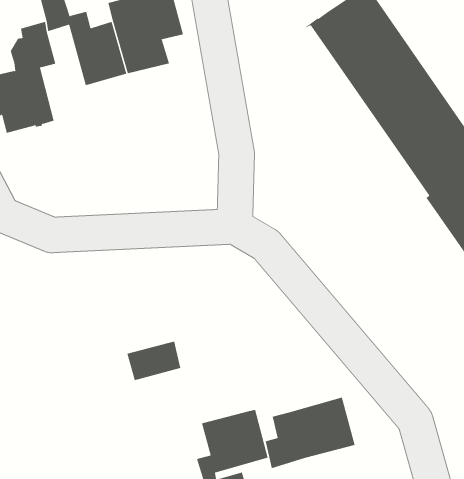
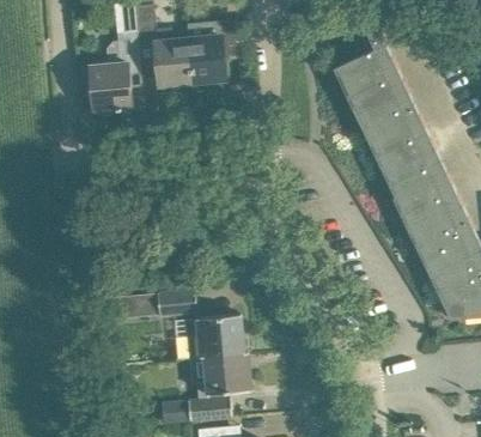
building: [265,397,355,469] -> [175,316,243,362]

